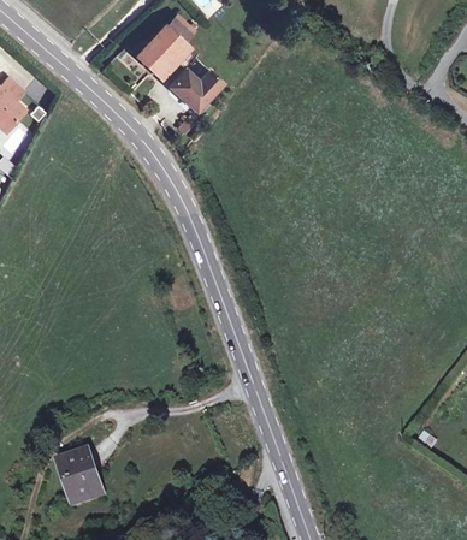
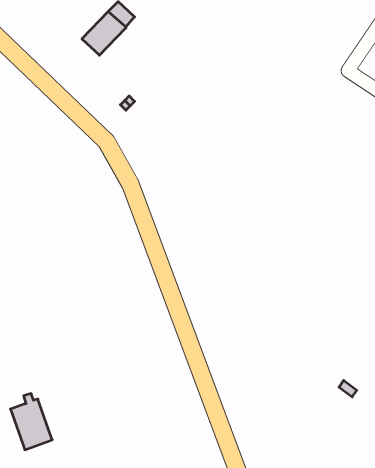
building: [169,69,221,111] -> none

